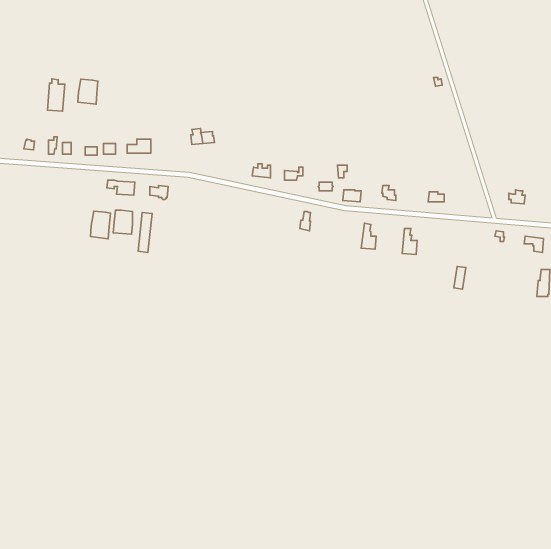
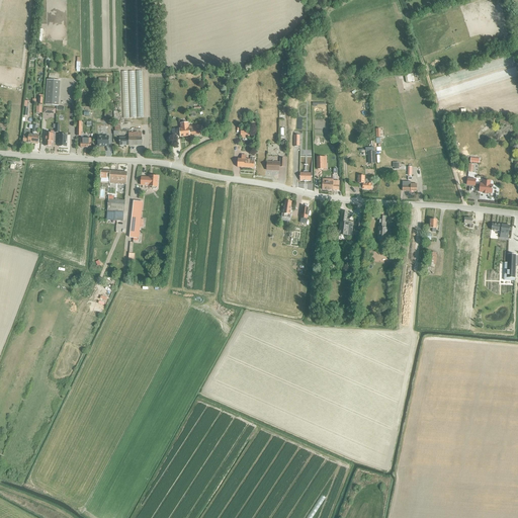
building: [78,79,98,104] -> none
building: [90,211,111,239] -> none

